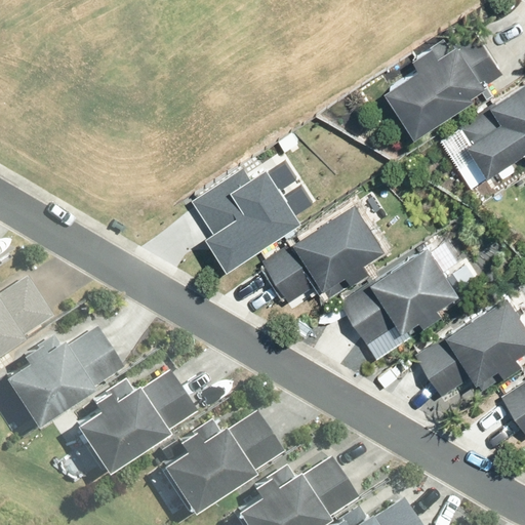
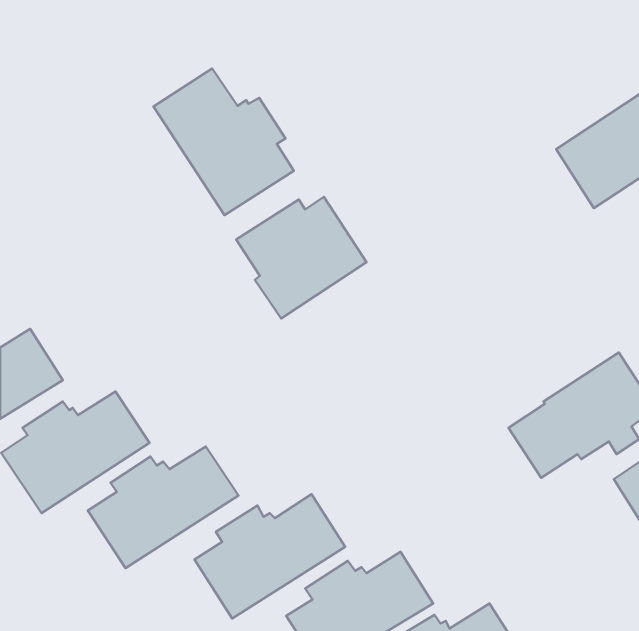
building: [388,41,504,149] -> none
building: none -> [153,68,294,215]
building: [267,204,387,307] -> none
building: [341,248,459,348] -> none

